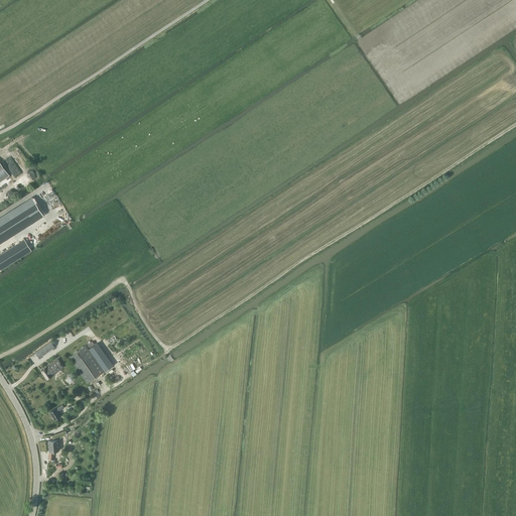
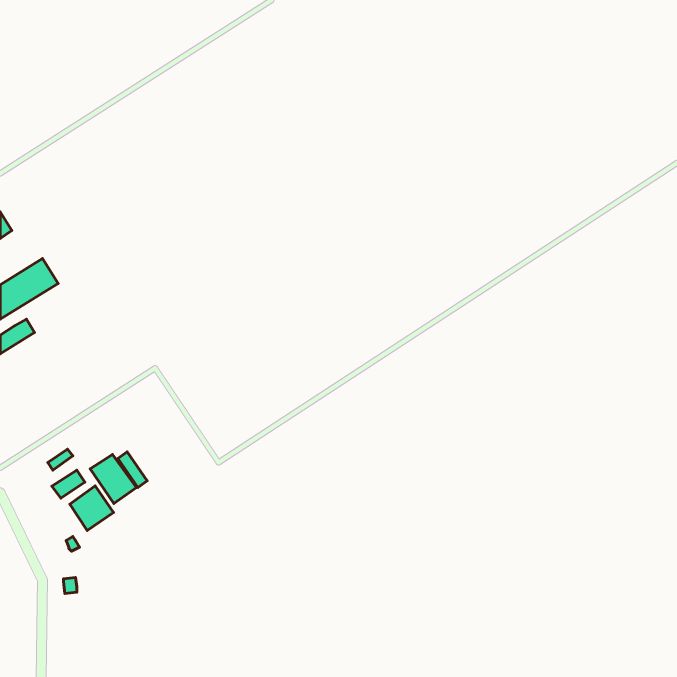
building: none -> [70,486,114,530]

